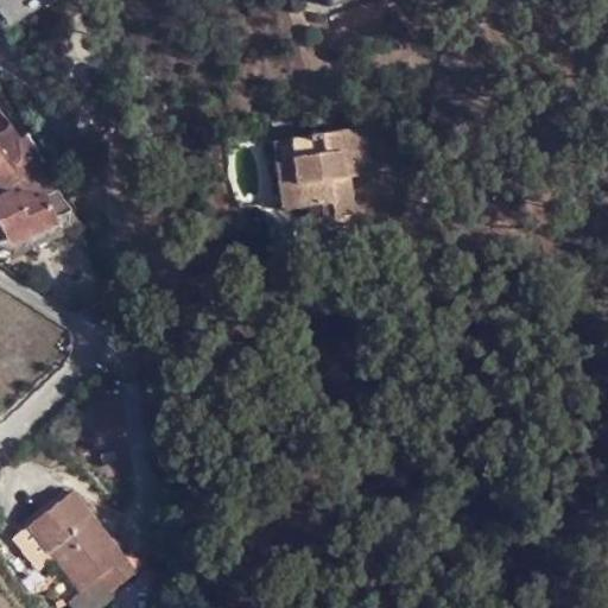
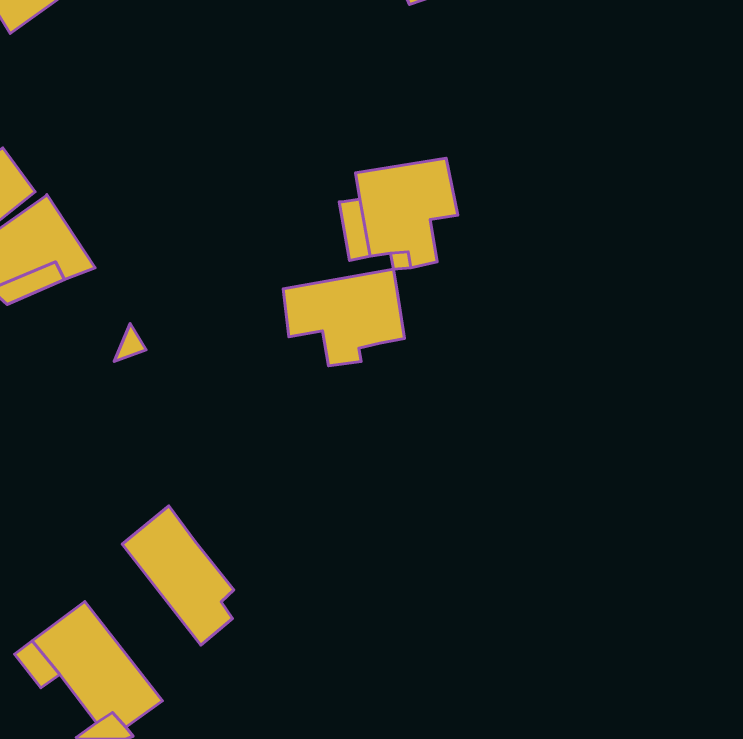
building: none -> [283,269,405,366]
building: none -> [122,506,234,645]

